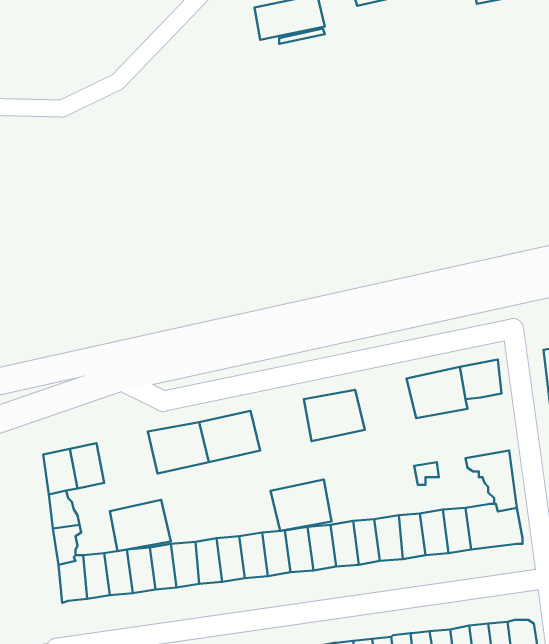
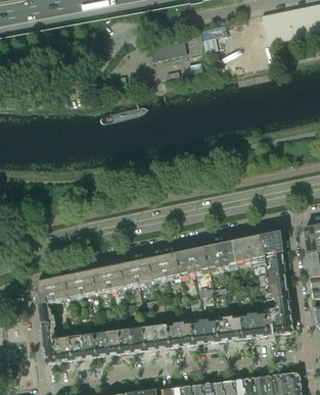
building: none -> [202,242,235,269]
building: none -> [261,250,285,285]
building: [271,480,331,531] -> [146,253,179,281]
building: [110,500,171,551] -> [63,270,96,298]

